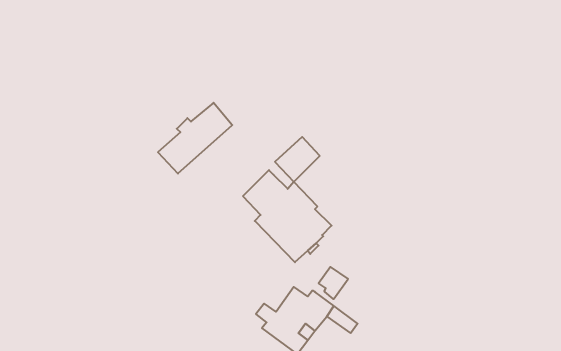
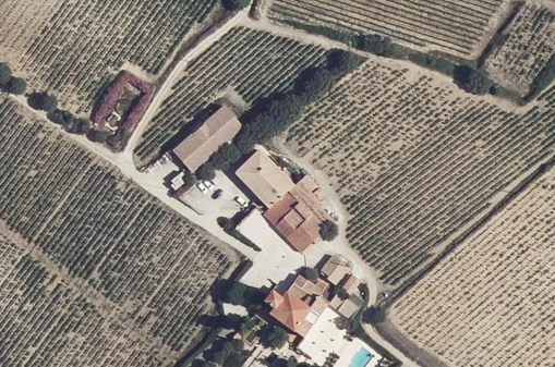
building: [275,137,320,182] -> [233,149,275,191]

